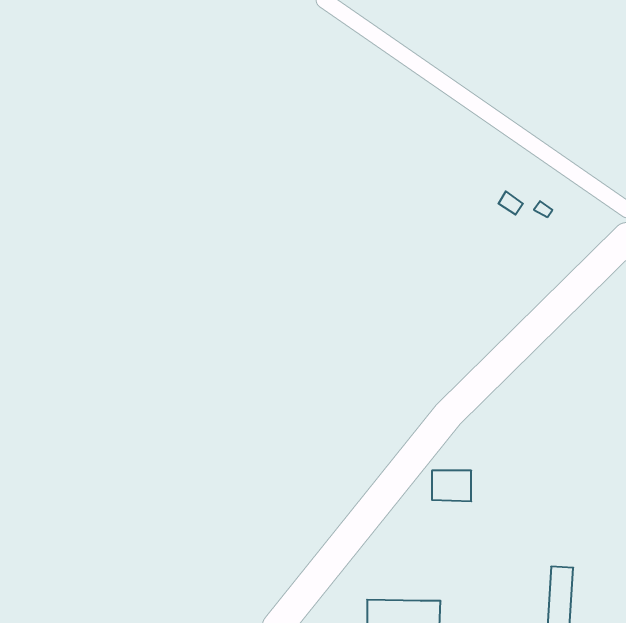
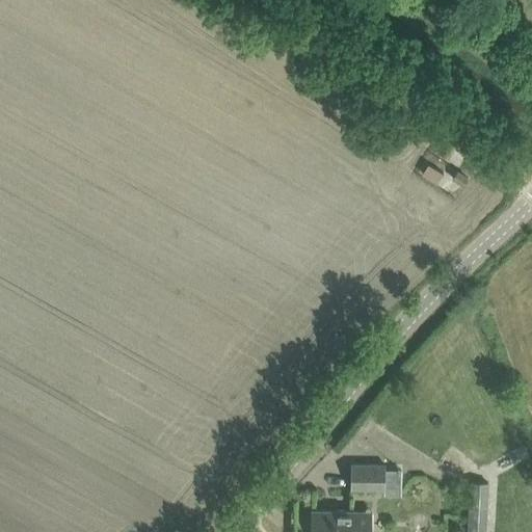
building: [432,471,471,501] -> [352,467,385,493]

